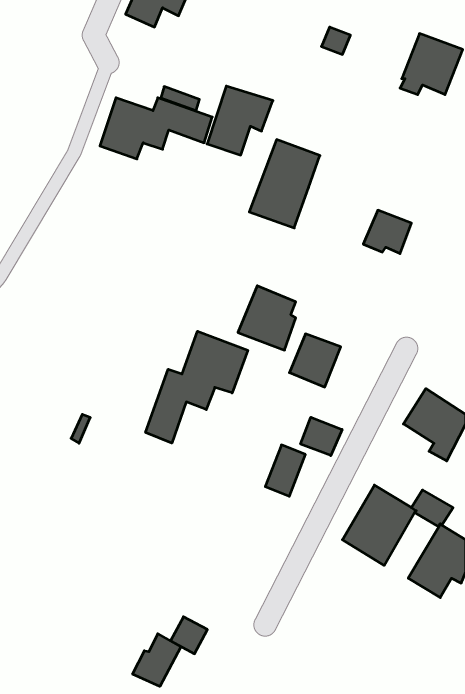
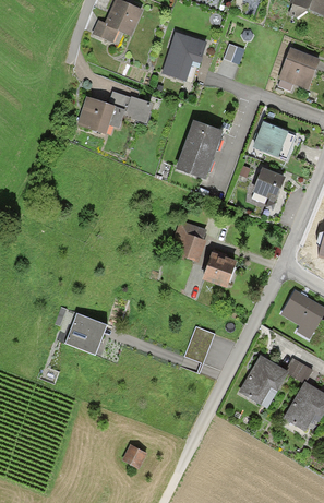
building: [207,86,273,155] -> [163,33,207,80]
building: none -> [253,120,296,158]
building: [146,331,248,443] -> none
building: [301,417,342,456] -> none
building: none -> [64,313,108,356]
building: [133,634,181,686] -> none

